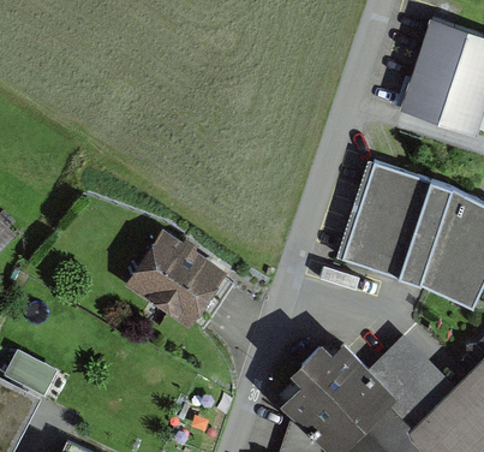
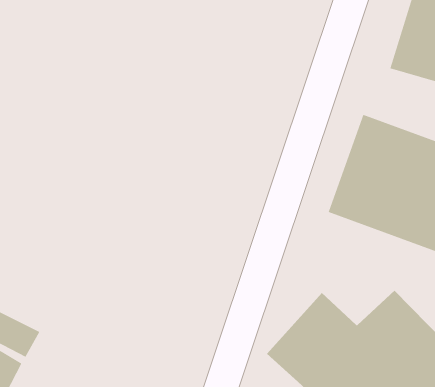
building: [123,238,225,334] -> none

